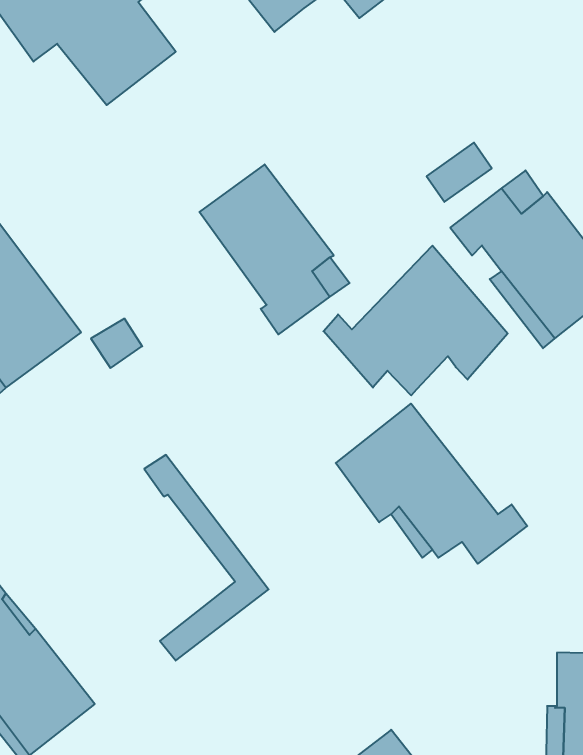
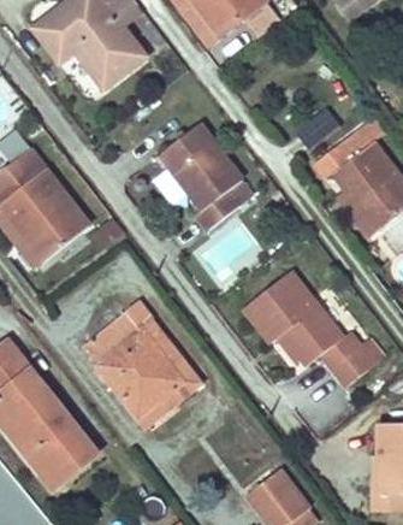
building: [323,246,508,395] -> none
building: none -> [82,309,182,414]
building: none -> [330,340,381,387]

